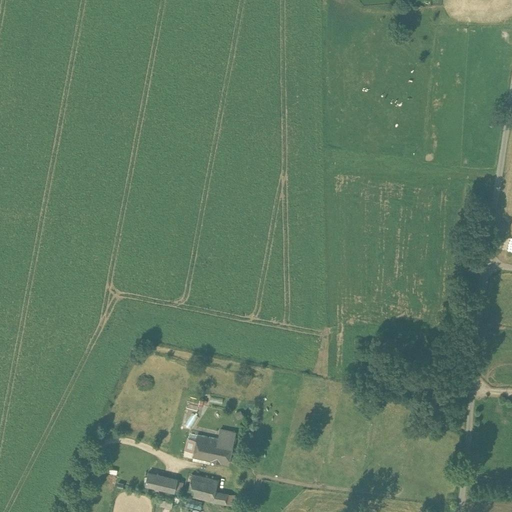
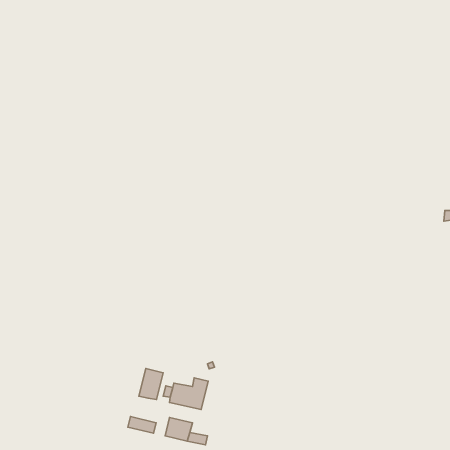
building: none -> [139,368,163,399]

